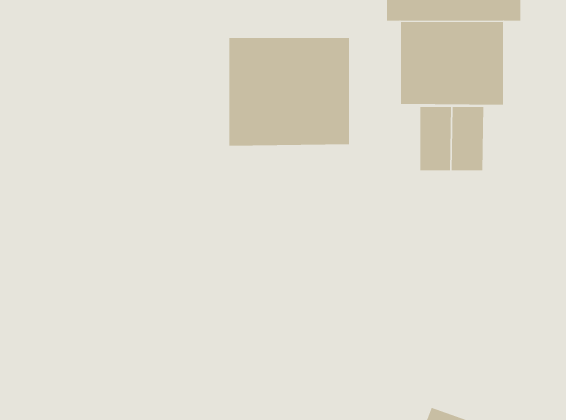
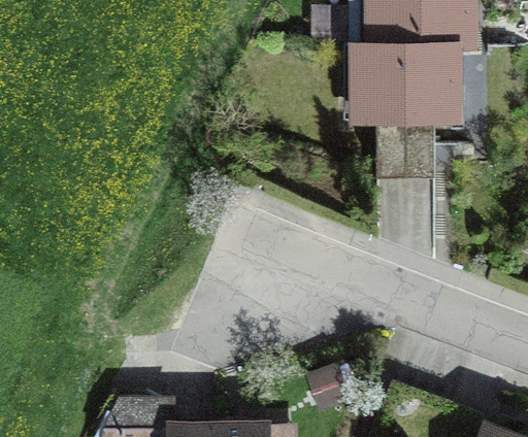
building: [229,37,349,146] -> none

